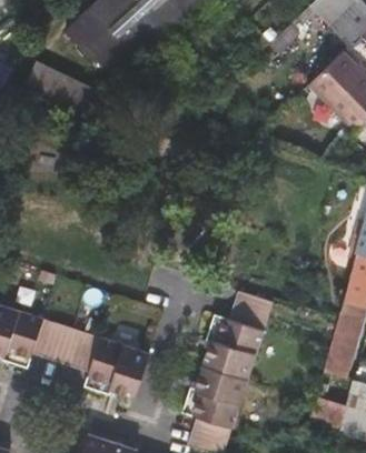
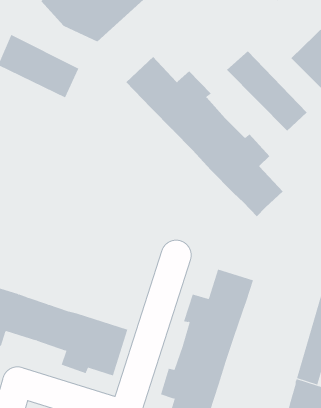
building: none -> [226,51,308,131]
building: none -> [125,56,284,217]

